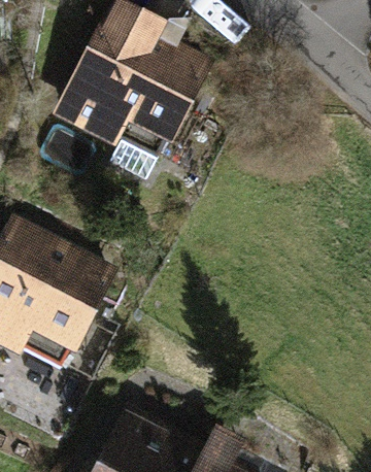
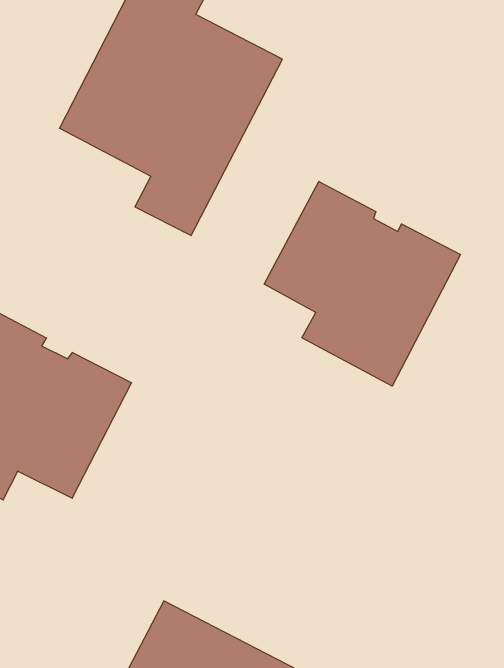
building: none -> [264,181,460,386]

